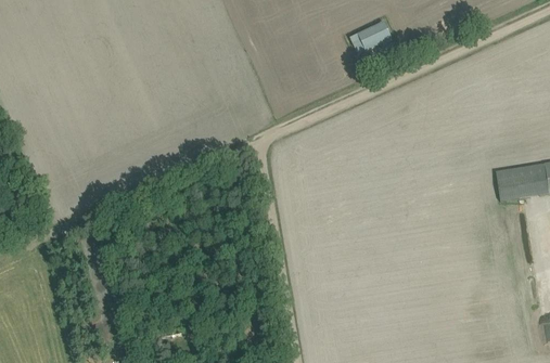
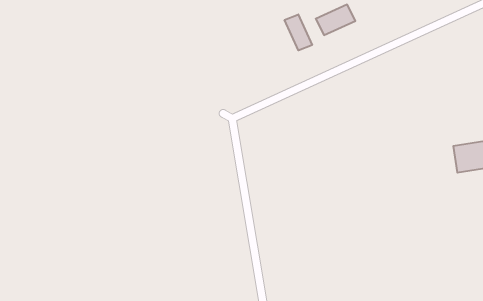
building: none -> [285,14,312,50]

